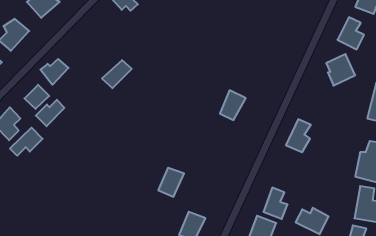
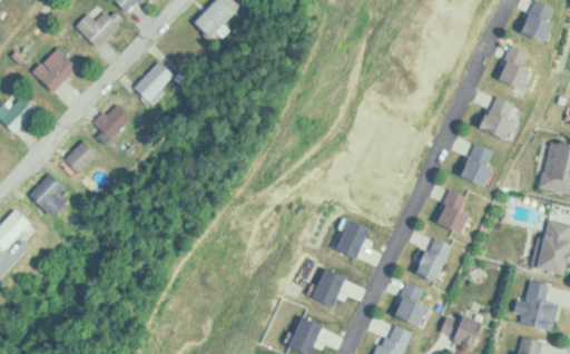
building: [102,60,132,88] -> [129,61,170,100]
building: none -> [471,148,498,184]
building: [220,90,246,120] -> [331,218,366,259]
building: [36,100,64,126] -> none
building: [10,128,43,156] -> none
building: none -> [420,238,459,284]
building: [158,168,184,197] -> [307,268,343,308]

